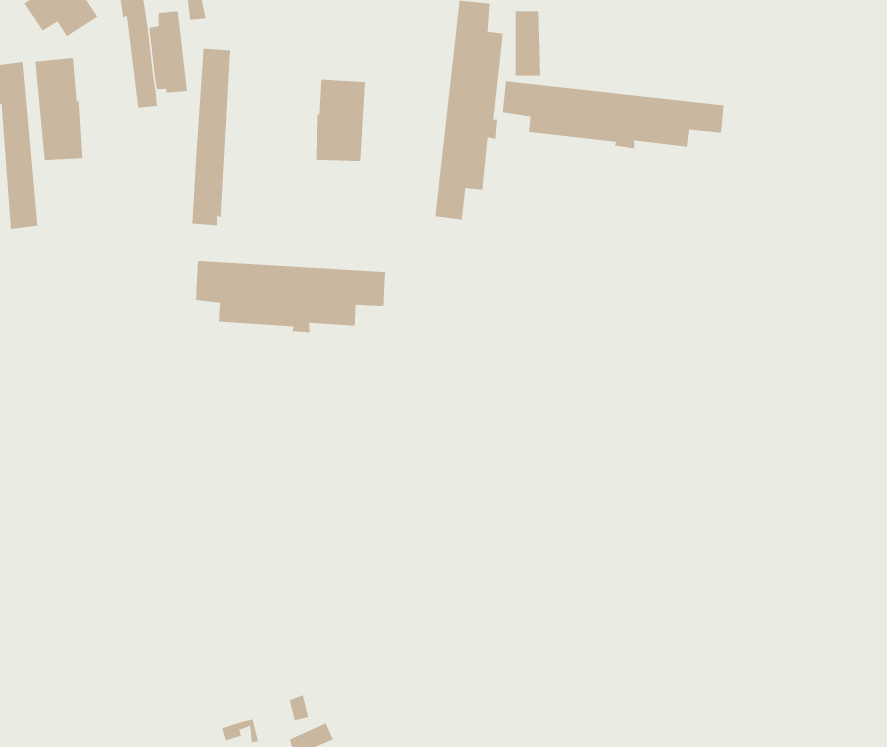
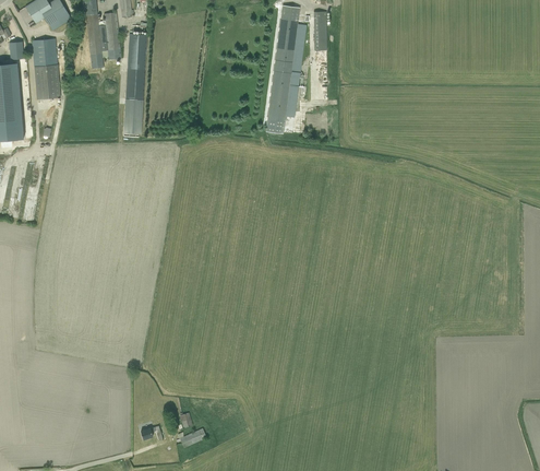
building: [316,79,366,162] -> none
building: [502,81,724,149] -> none
building: [195,260,385,333] -> none

